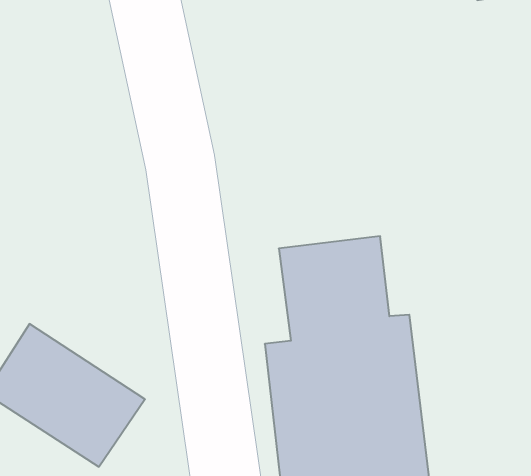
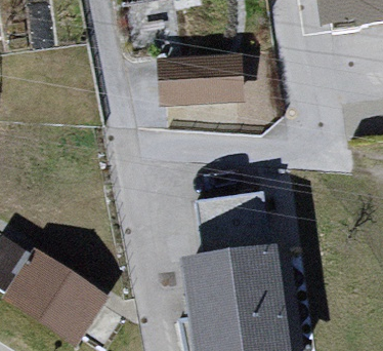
building: none -> [153,48,242,110]

